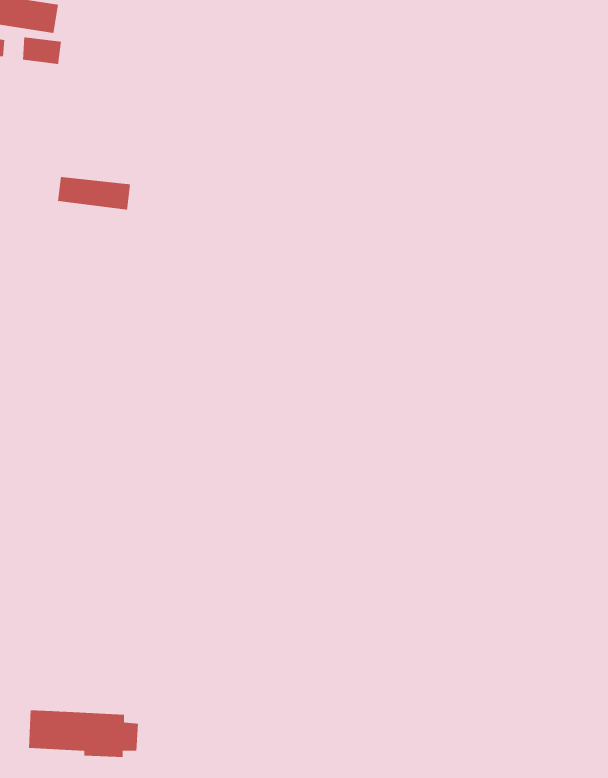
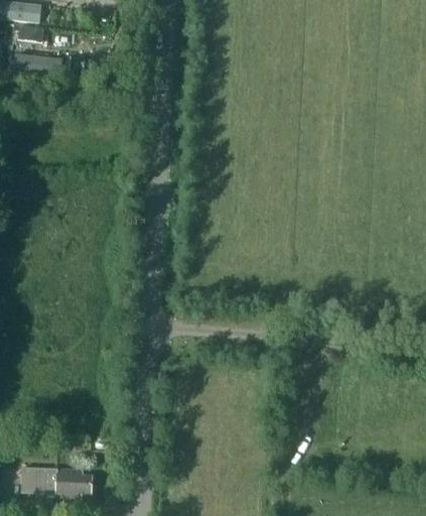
building: [57,176,131,210] -> [14,53,62,76]

